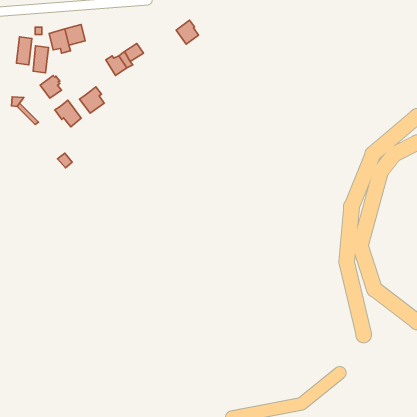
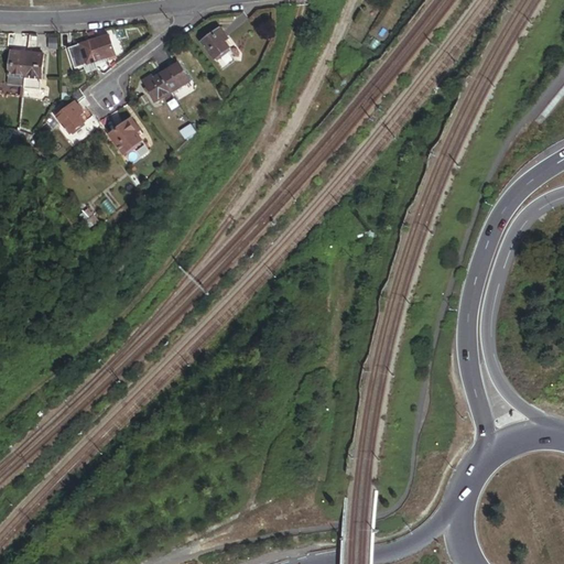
building: [176,20,198,44] -> [200,28,230,59]
building: [33,46,49,73] -> [6,47,26,84]
building: [55,100,81,127] -> none

